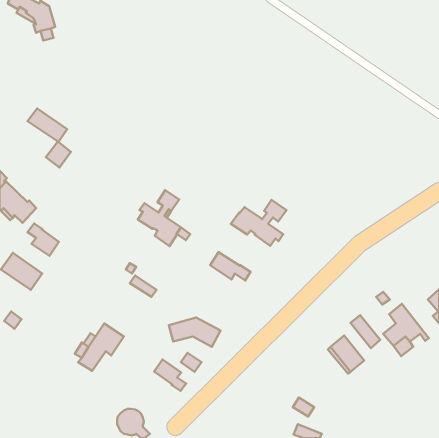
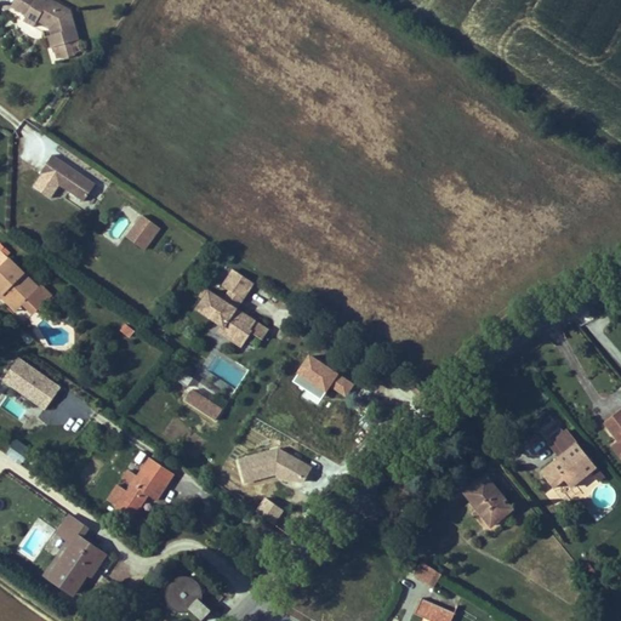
building: [46,142,71,167] -> [124,212,159,249]
building: [231,200,287,246] -> none
building: [28,223,59,256] -> none
building: [351,315,380,348] -> none
building: [154,360,186,391] -> none
building: none -> [42,513,106,597]

